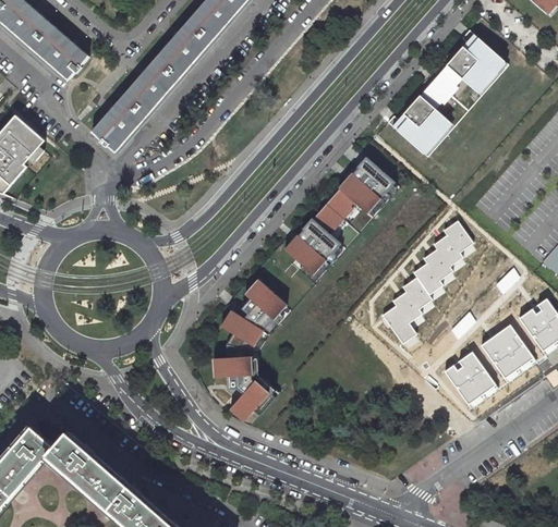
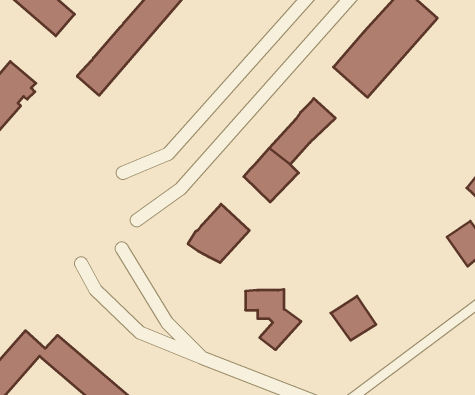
building: [381,219,472,344] -> none
building: [481,326,533,381] -> none
building: [211,353,276,422] -> [245,289,301,350]
building: [440,356,493,407] -> [331,296,376,340]

